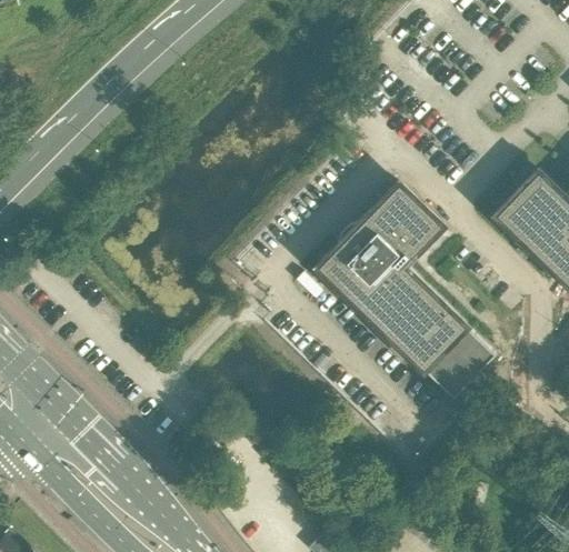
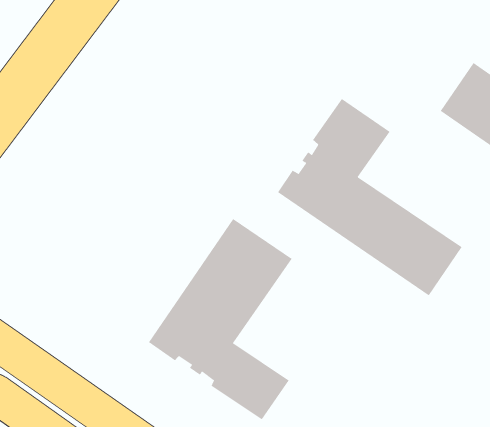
building: none -> [148,218,292,420]

